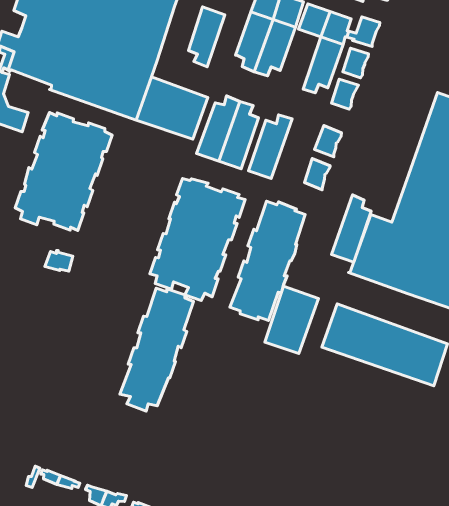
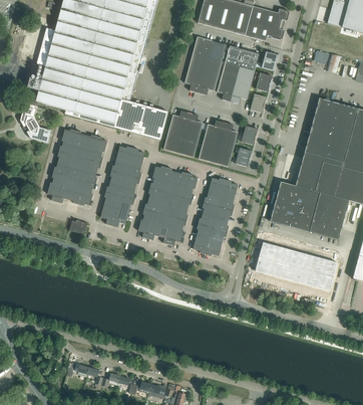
building: [189,7,225,67] -> [218,62,240,102]
building: [331,195,371,262] -> [214,122,238,166]
building: [265,286,318,354] -> none
building: [120,288,194,411] -> [100,146,144,227]

